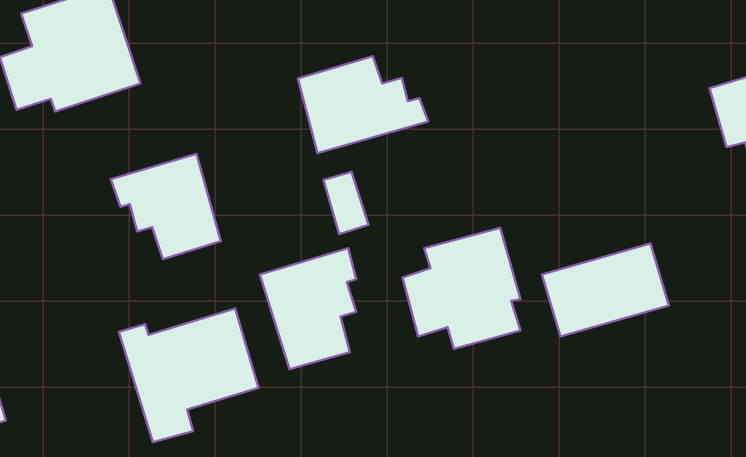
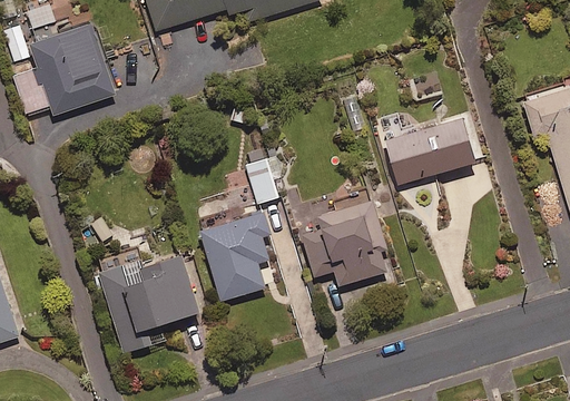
building: [298,56,428,153] -> none
building: [111,154,221,259] -> none
building: [542,243,669,337] -> [385,117,476,184]

